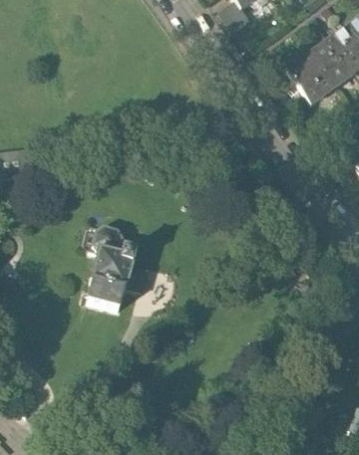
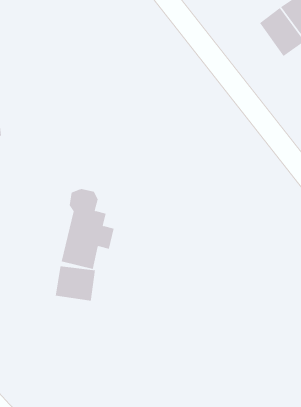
building: none -> [55,265,96,301]

